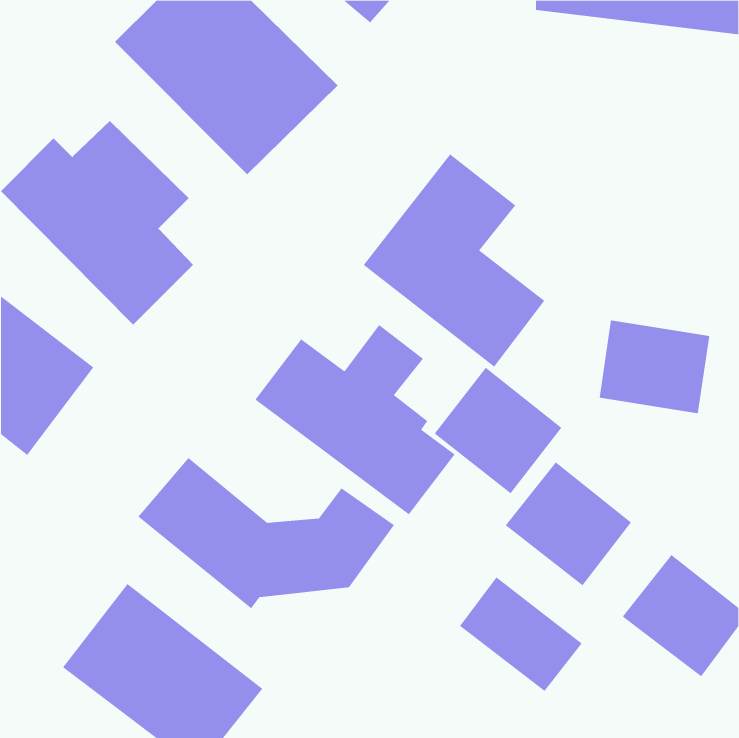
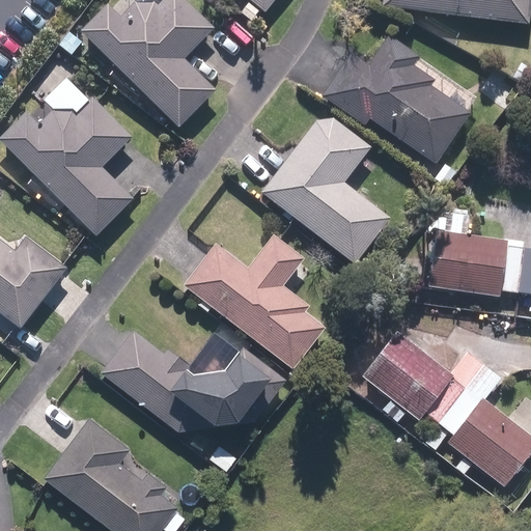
building: none -> [323,24,479,168]
building: [434,367,562,494] -> none
building: [459,577,582,692] -> none

